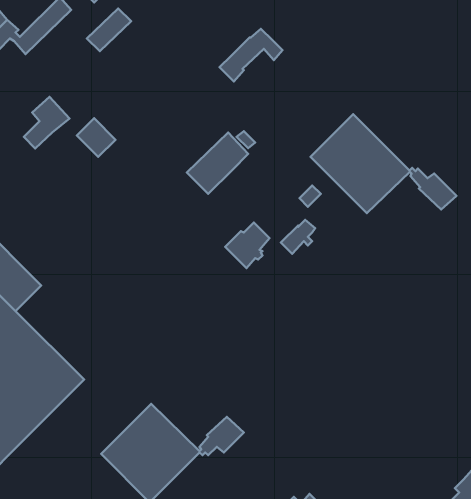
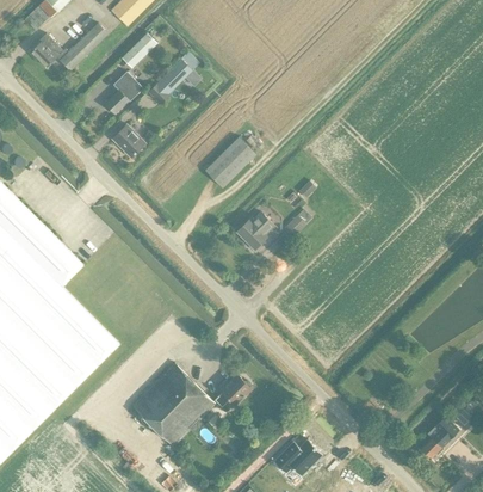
building: [220,29,282,82] -> [148,60,200,104]
building: [24,97,69,148] -> [105,70,143,113]
building: [310,114,457,213] -> none

